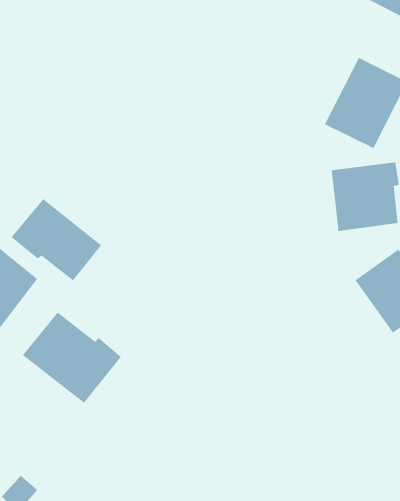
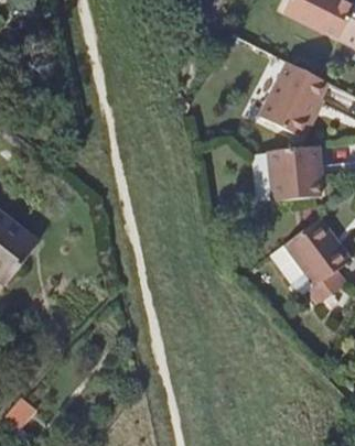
building: [10,198,102,281] -> none
building: [22,312,122,404] -> none

